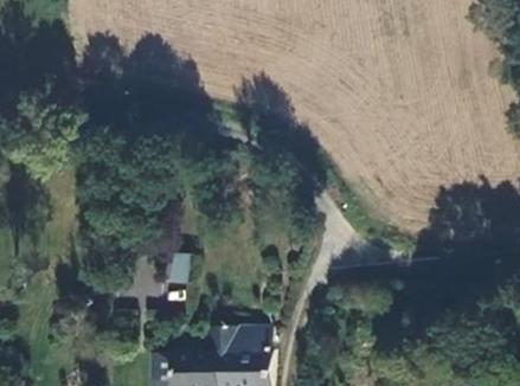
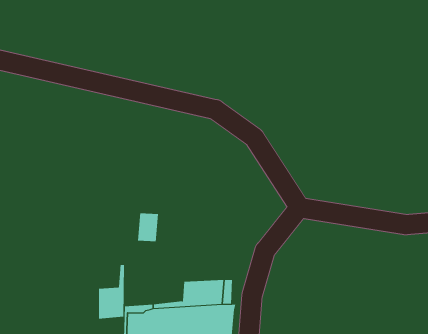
building: none -> [98,264,125,320]

